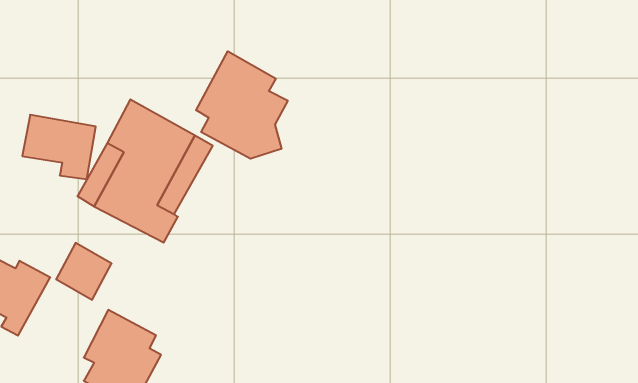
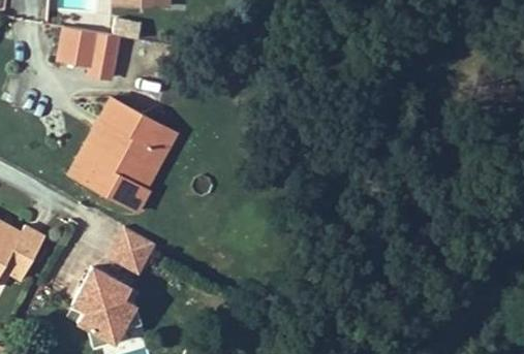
building: [196,51,288,159] -> none
building: [22,115,96,179] -> [58,28,117,79]
building: [56,243,112,300] -> [110,229,154,275]

